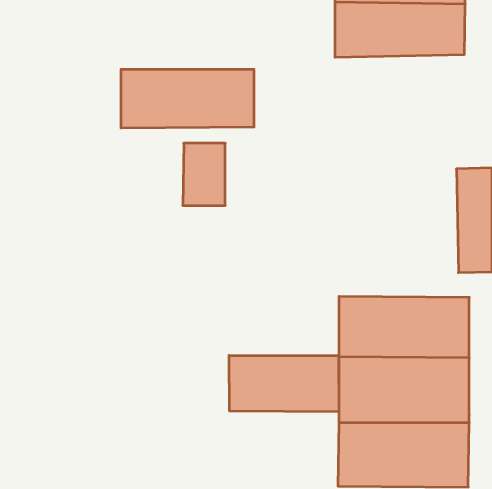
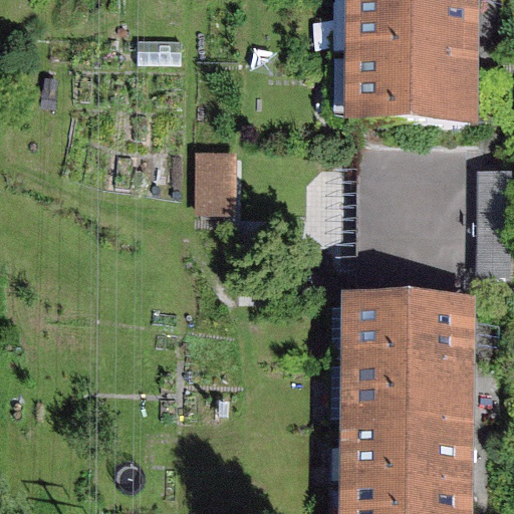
building: none -> [339,55,472,123]
building: [121,69,254,128] -> none
building: [229,355,339,412] -> none

